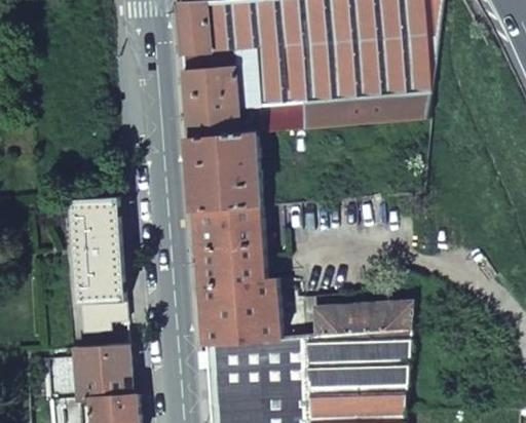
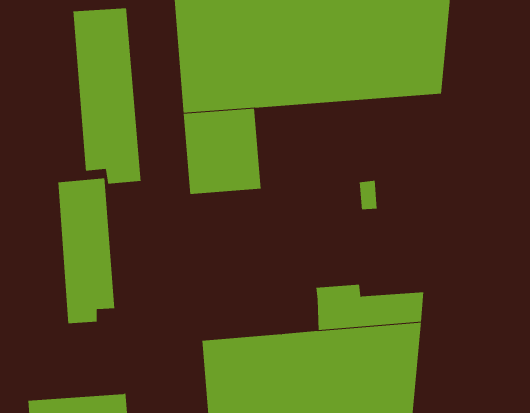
building: none -> [73,7,141,184]
building: [194,206,279,347] -> none
building: [41,344,133,402] -> none

